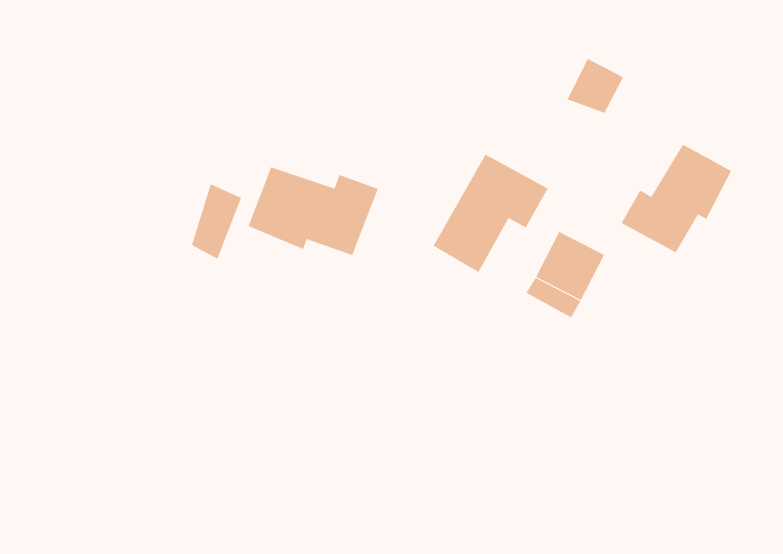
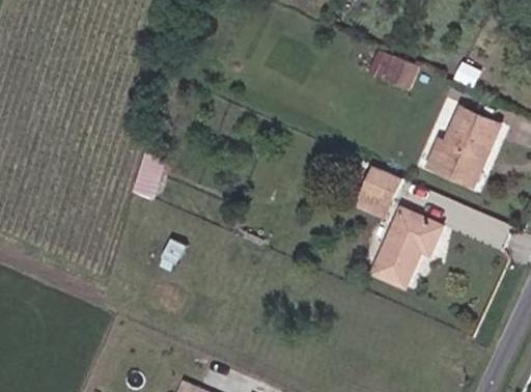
building: [433,154,549,273] -> [366,219,442,297]
building: [248,167,379,256] -> none

